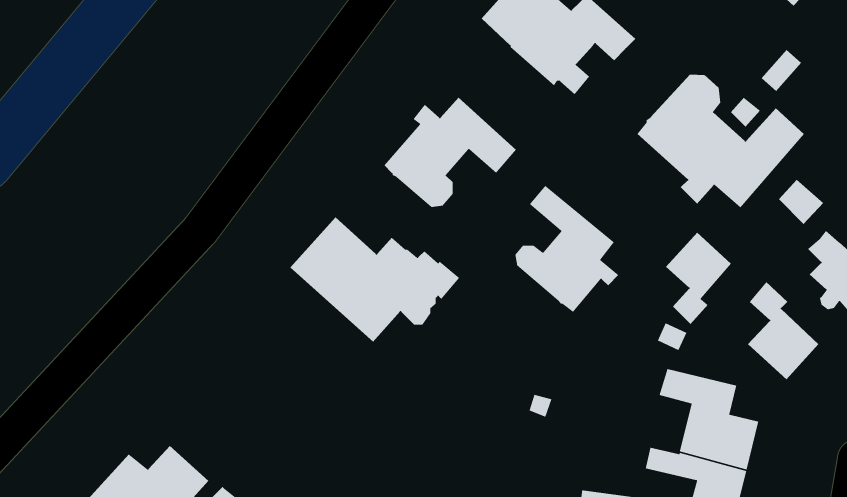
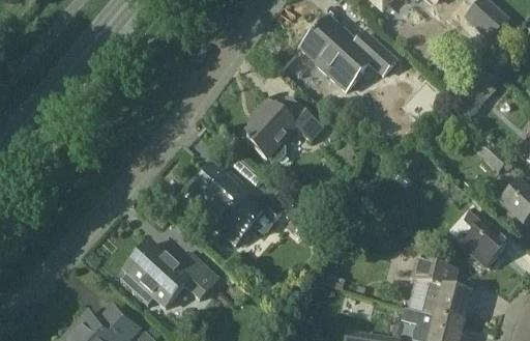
building: [637,74,805,208] -> none
building: [514,185,619,313] -> none
building: [665,232,732,325] -> none
building: none -> [122,239,218,306]

